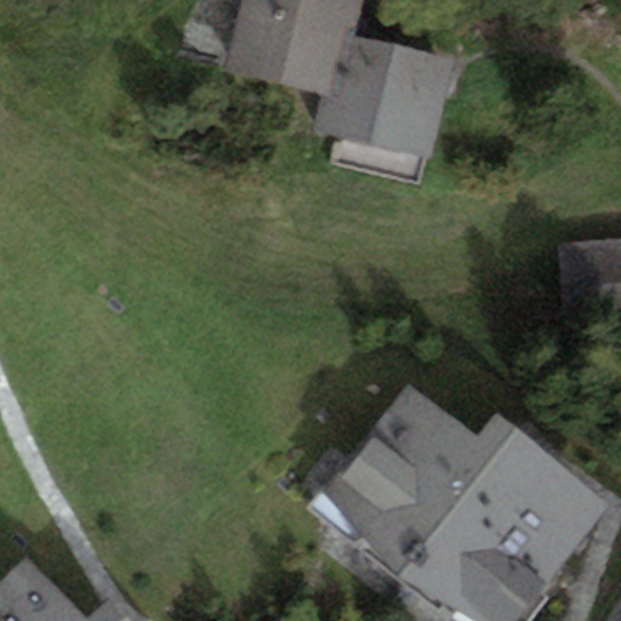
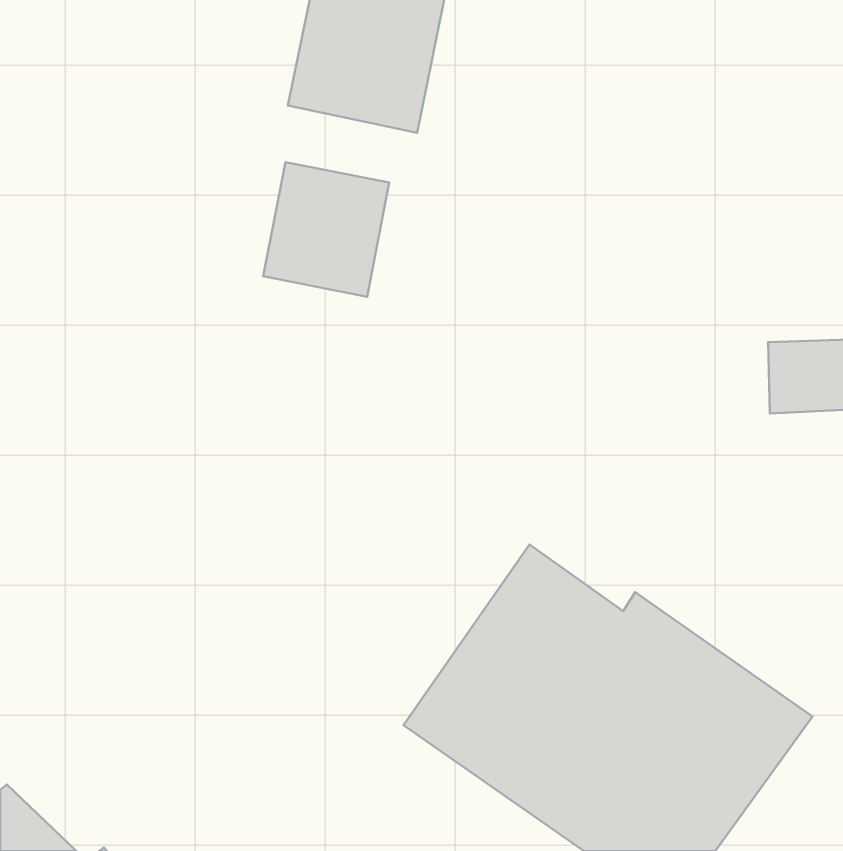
building: [336,55,426,150] -> [263,162,389,297]

